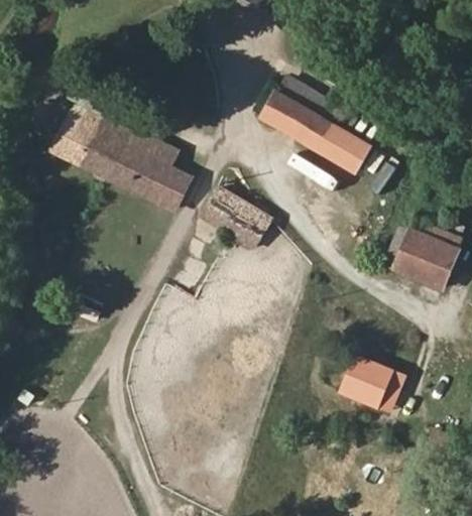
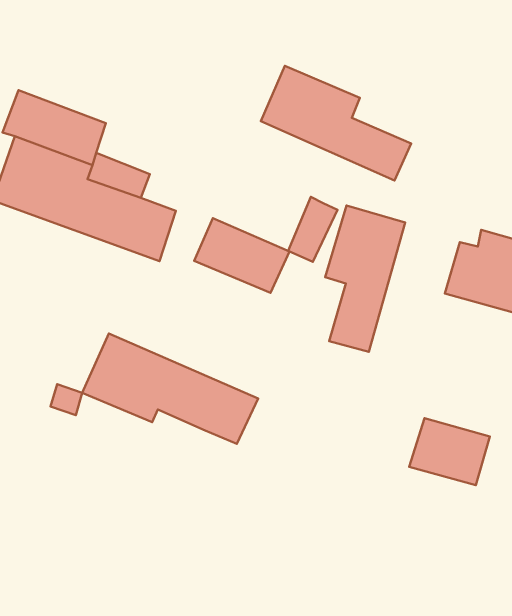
building: none -> [288,197,337,262]
building: none -> [325,205,405,352]
building: none -> [82,334,258,444]

